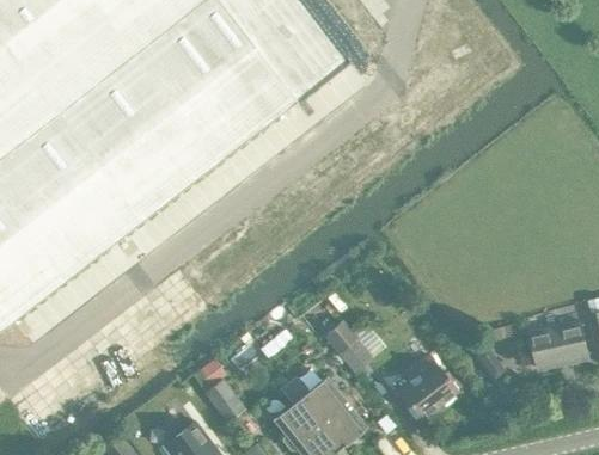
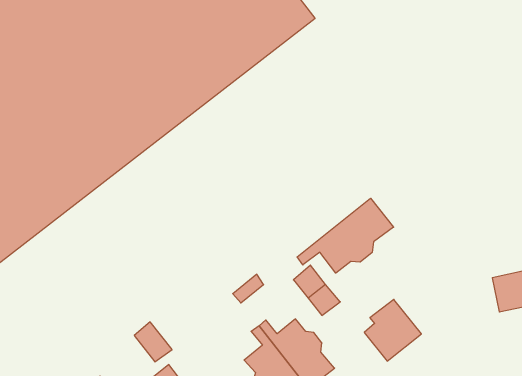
building: none -> [297,198,394,273]
building: [201,376,240,418] -> [134,322,172,362]

